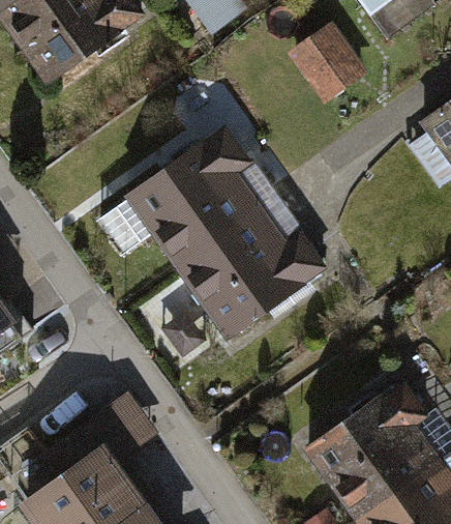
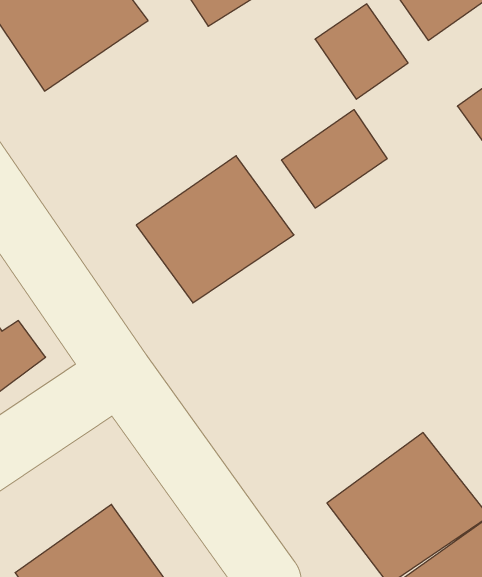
building: none -> [282,110,387,208]
building: [181,215,321,340] -> none

